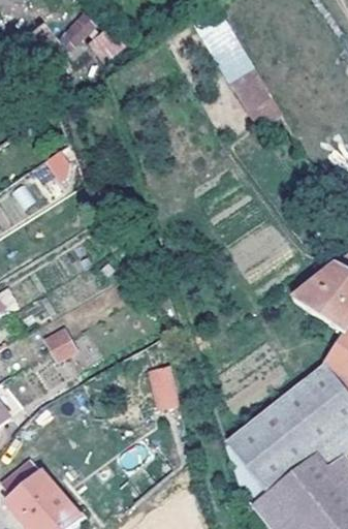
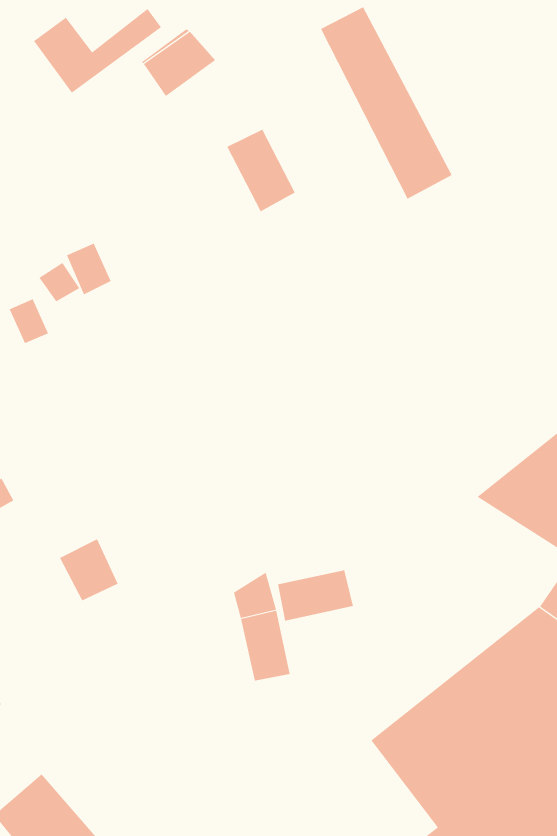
building: none -> [226,129,295,212]
building: none -> [277,570,354,621]

